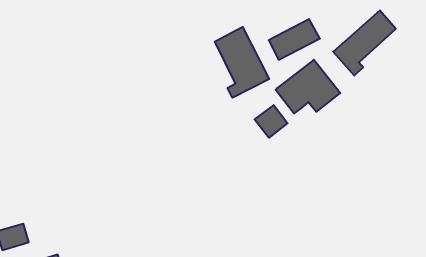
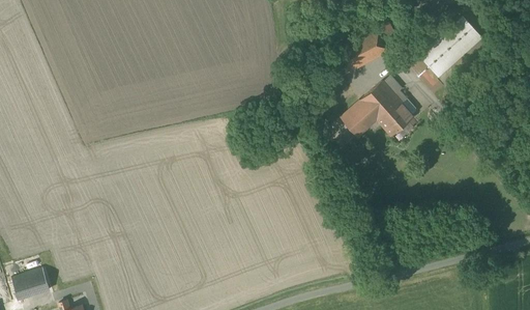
building: [215,27,269,98] -> none
building: [255,105,288,138] -> none

